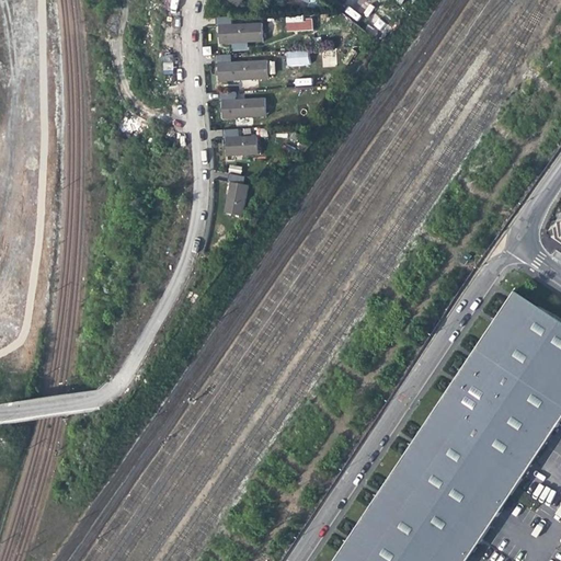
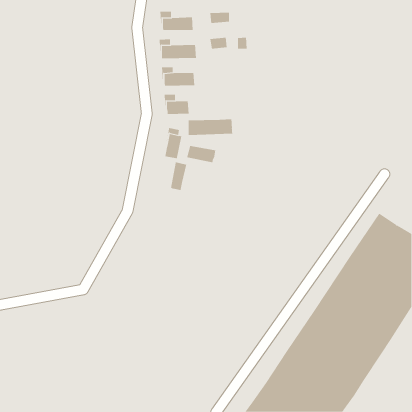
building: none -> [188,118,233,136]
building: none -> [187,145,216,163]
building: none -> [171,161,187,191]

